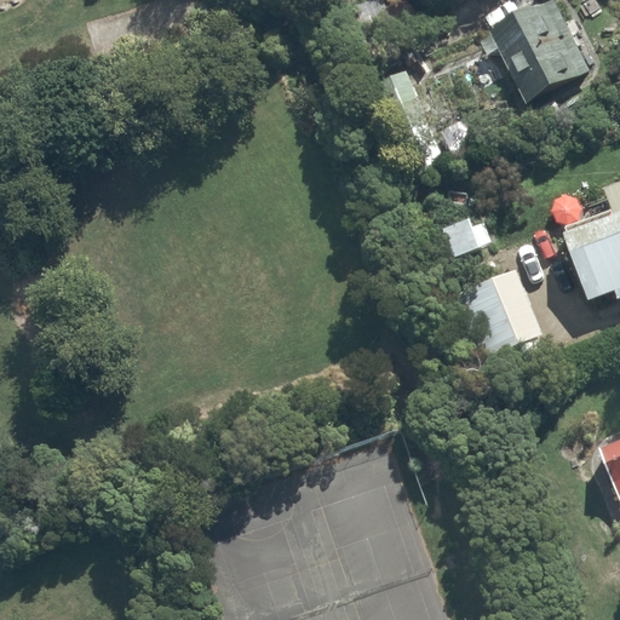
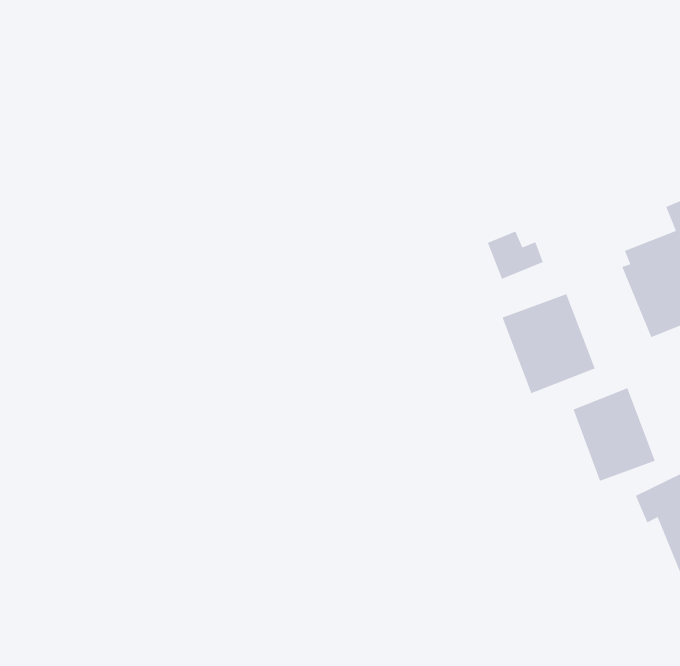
building: [487,6,589,99] -> none
building: none -> [572,387,656,482]

